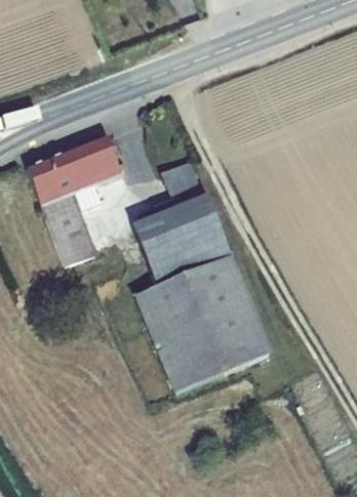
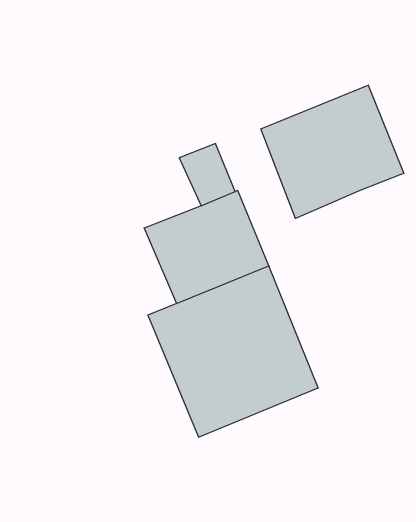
building: none -> [261,85,404,218]
building: [27,135,122,263] -> none

